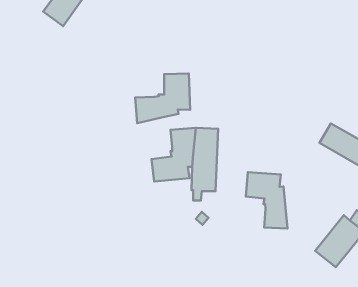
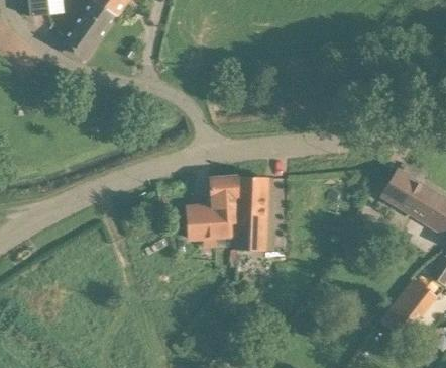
building: [135,73,190,123] -> none
building: [246,172,288,228] -> none

